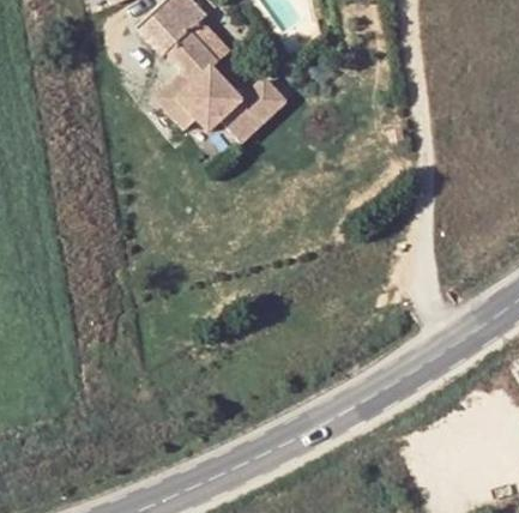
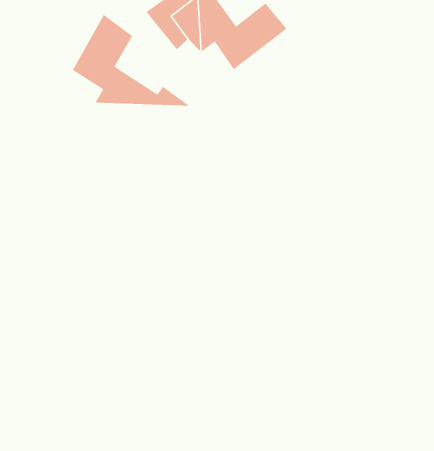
building: none -> [72,14,191,107]

